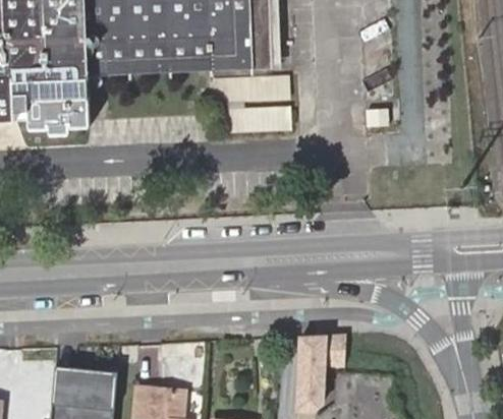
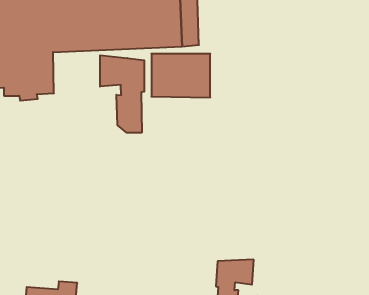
building: none -> [100,55,144,133]

